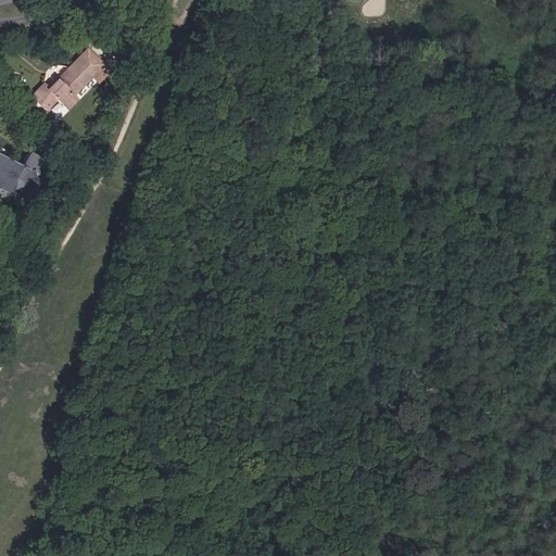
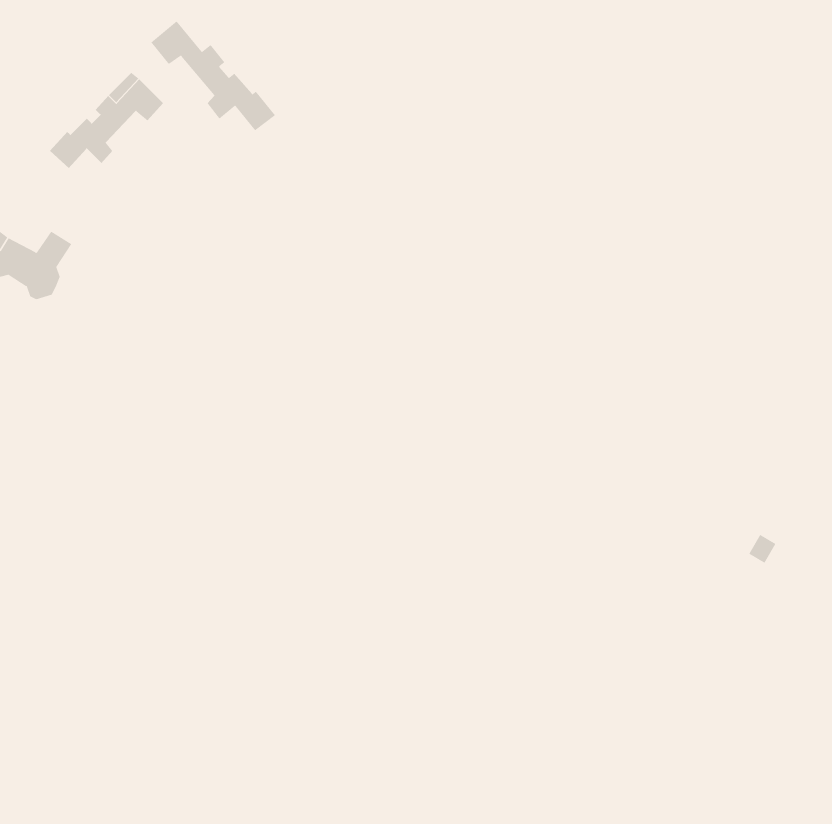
building: none -> [151,20,276,131]

